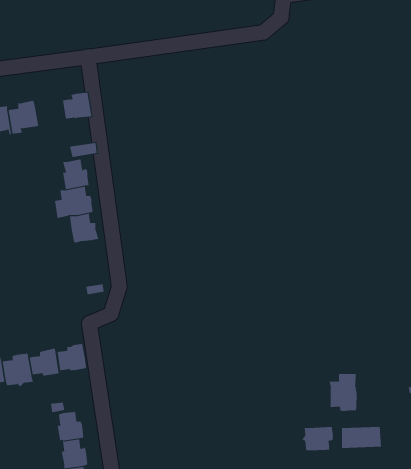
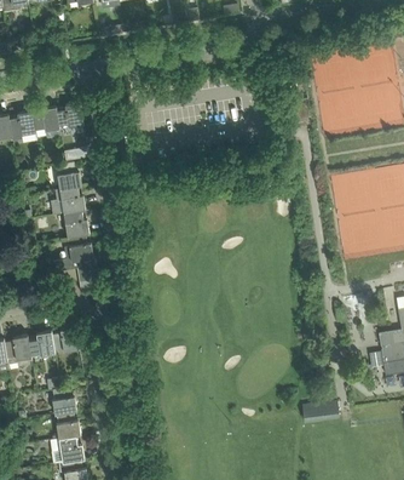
building: none -> [33,105,59,137]
building: none -> [53,234,93,270]
building: [329,373,357,412] -> none
building: [302,426,334,451] -> none

